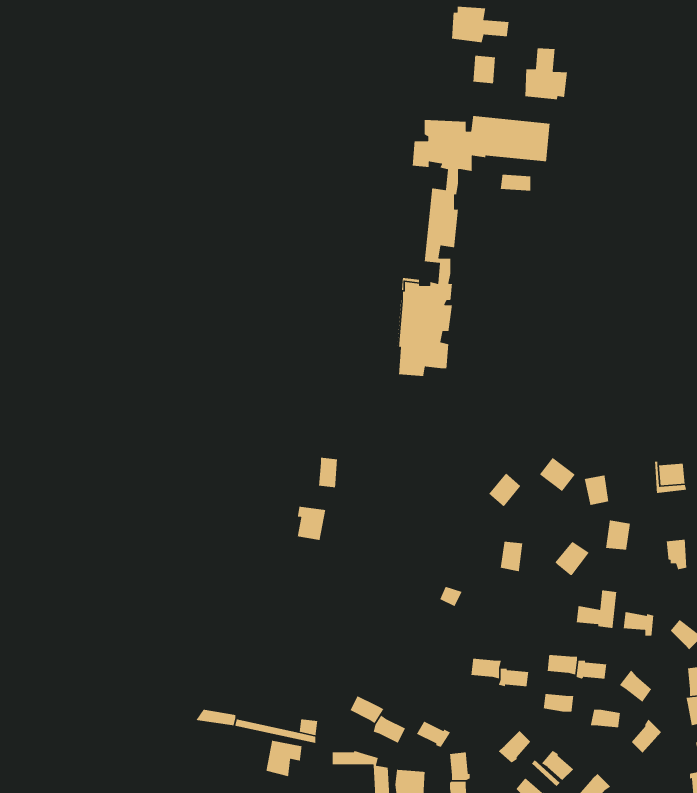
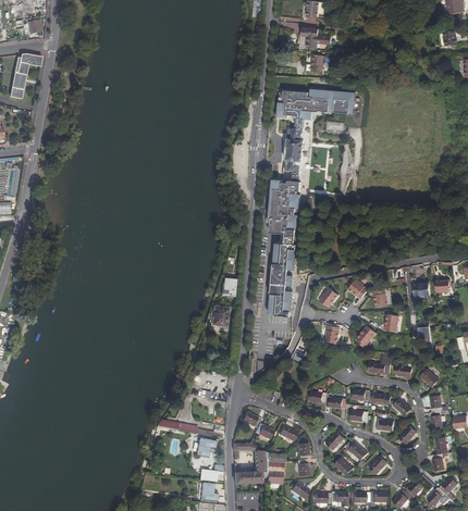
building: [525,48,568,100] -> none
building: none -> [268,228,295,316]

